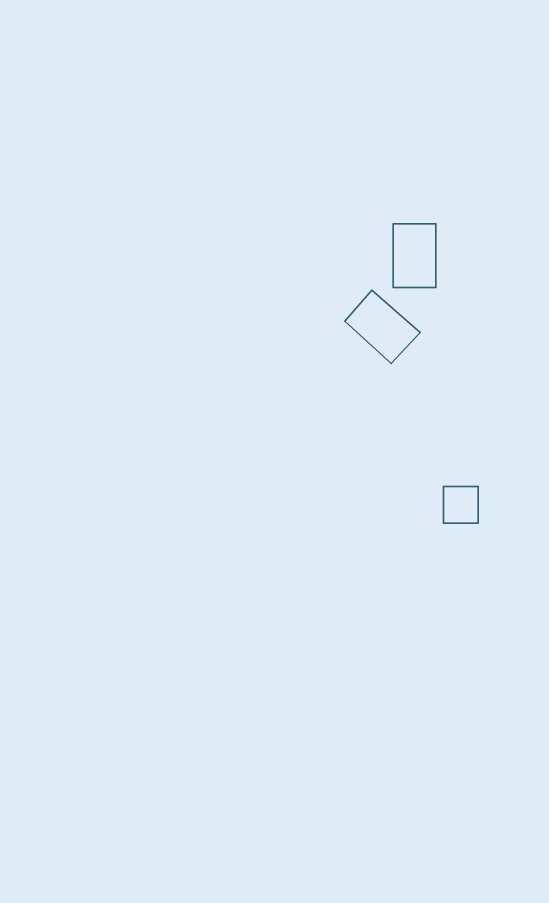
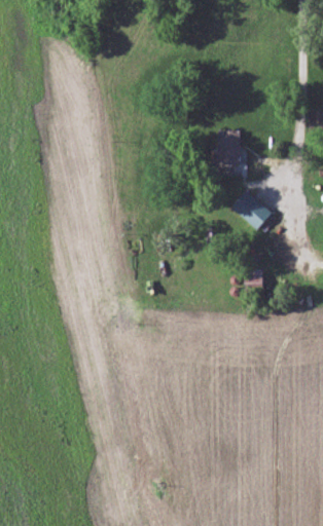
building: [345,290,420,363] -> [231,192,272,231]

